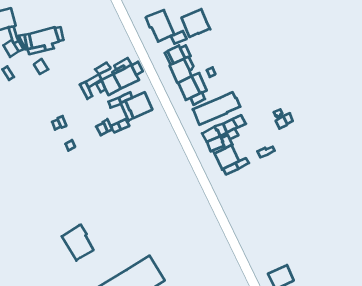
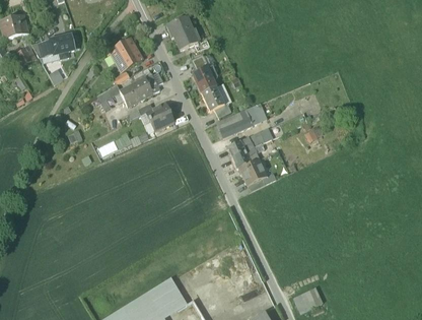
building: [182,9,210,37] -> none
building: none -> [111,38,143,71]
building: [62,225,93,261] -> none

